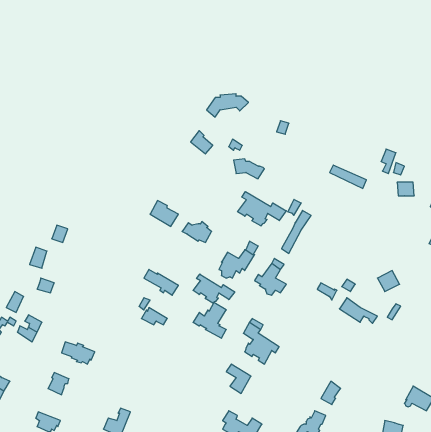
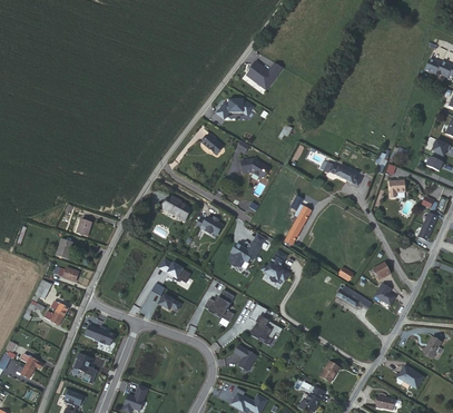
building: none -> [247,62,284,91]
building: [238,192,286,226] -> none
building: [193,274,235,303] -> none

